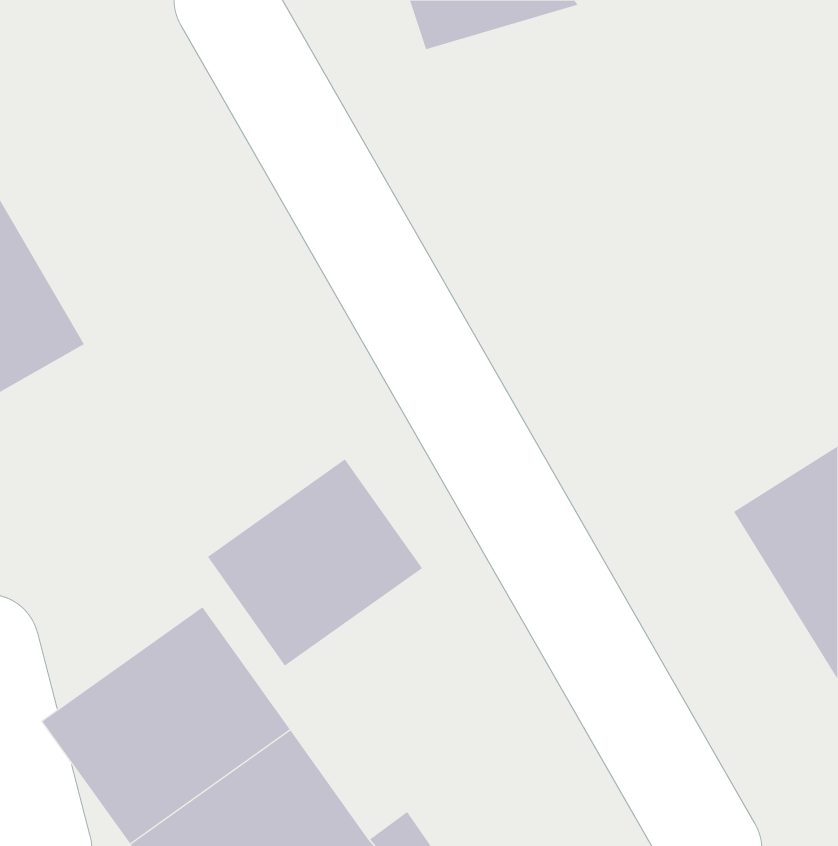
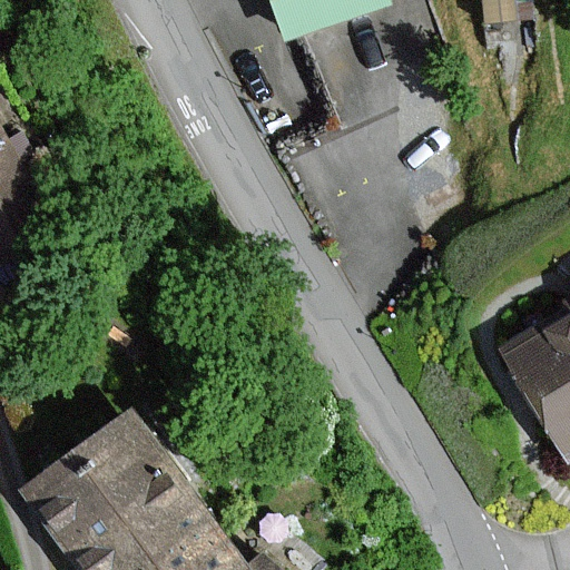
building: [207,459,423,666] -> none

